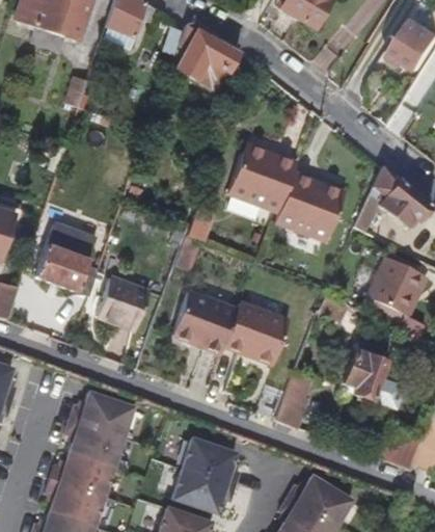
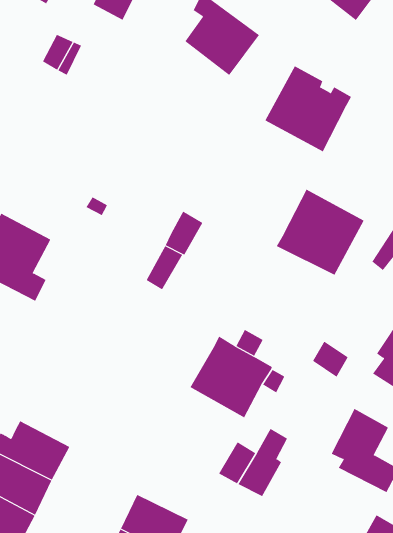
building: [229,145,297,212] -> [264,65,352,152]
building: [99,275,153,329] -> none
building: [171,291,238,353] -> none

